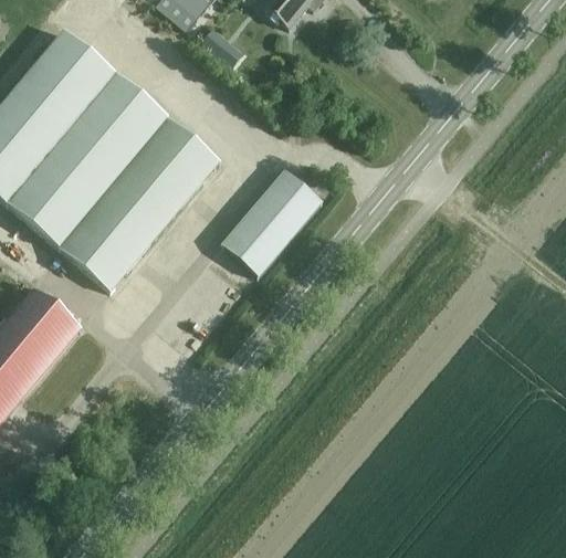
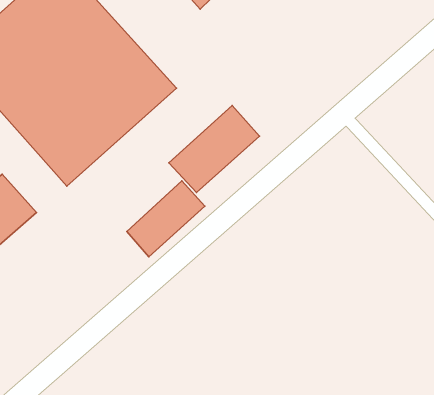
building: none -> [127,181,205,257]

